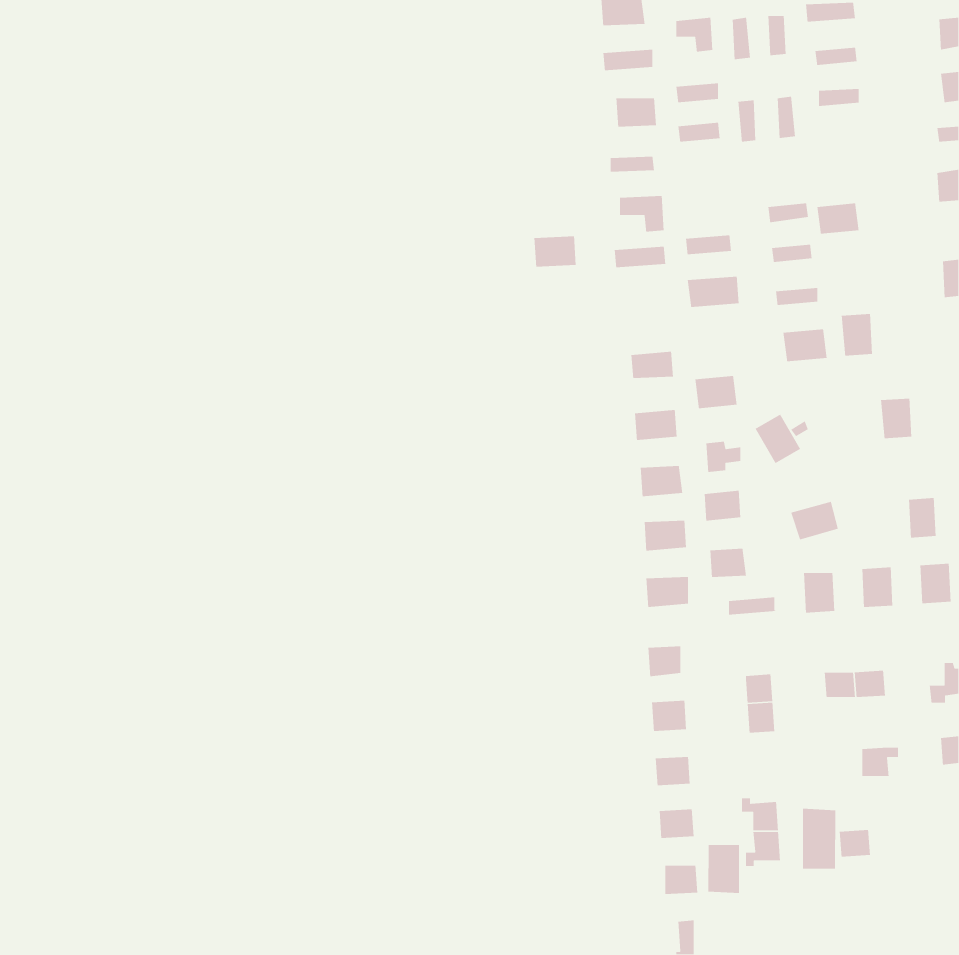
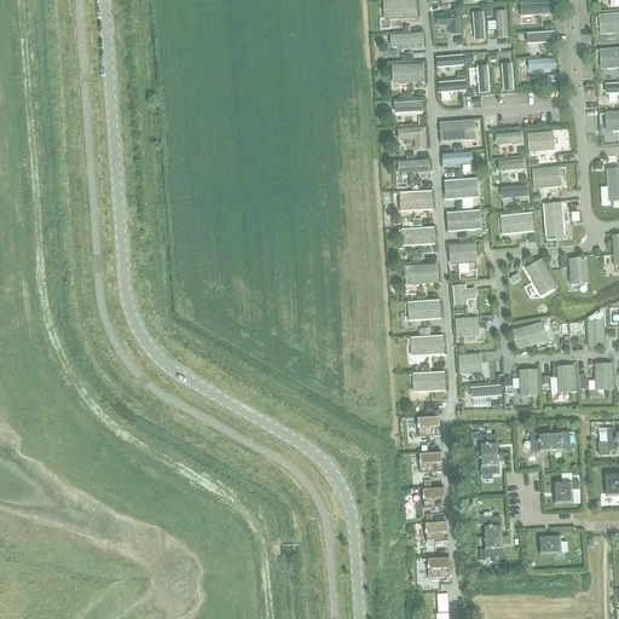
building: none -> [439,118,472,140]
building: [533,236,577,267] -> [404,190,432,210]
building: none -> [531,166,559,187]
building: none -> [445,209,479,230]
building: [754,413,801,464] -> [523,259,554,291]
building: [802,808,836,870] -> none
building: [708,844,740,894] -> none

